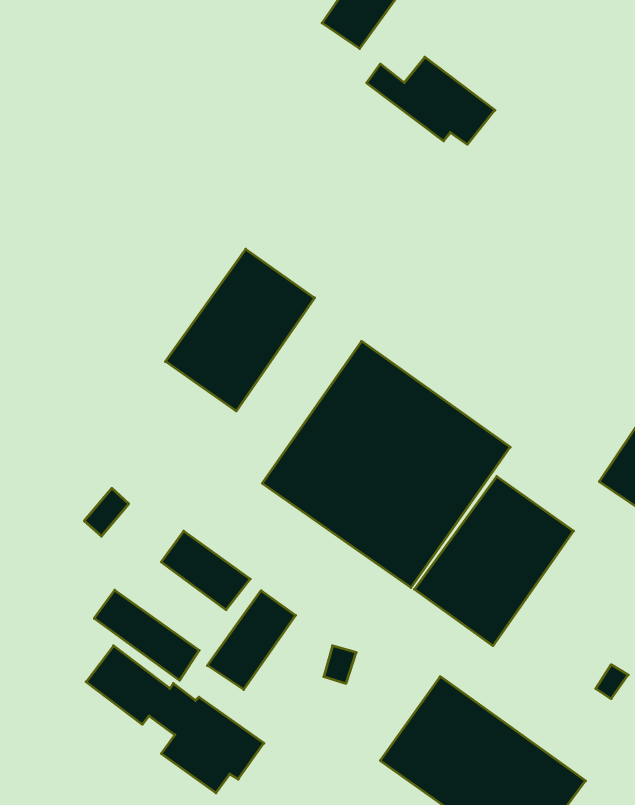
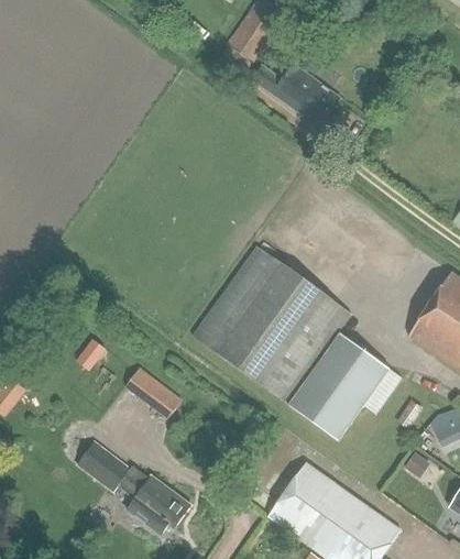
building: [165,249,315,411] -> none
building: [94,590,199,680] -> none
building: [207,591,296,690] -> none

